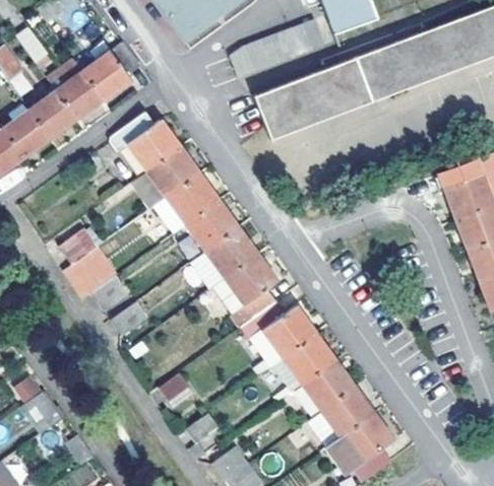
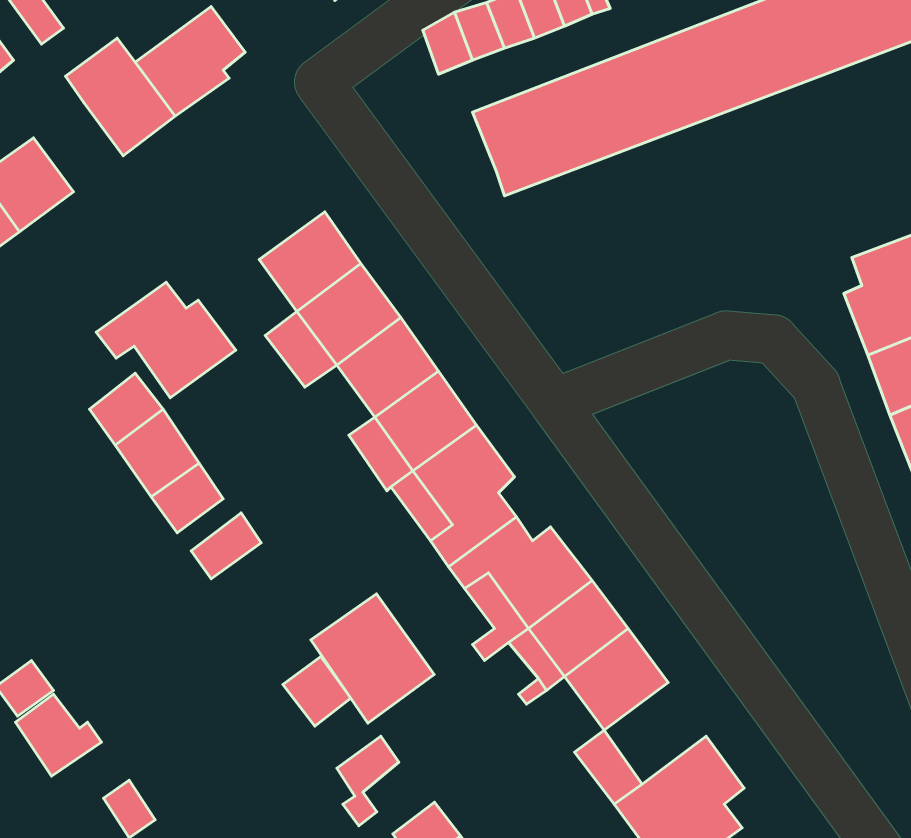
building: [32,90,77,136] -> none
building: [109,112,180,170] -> [96,282,236,398]
building: none -> [311,594,434,723]
building: [322,386,374,437] -> none

